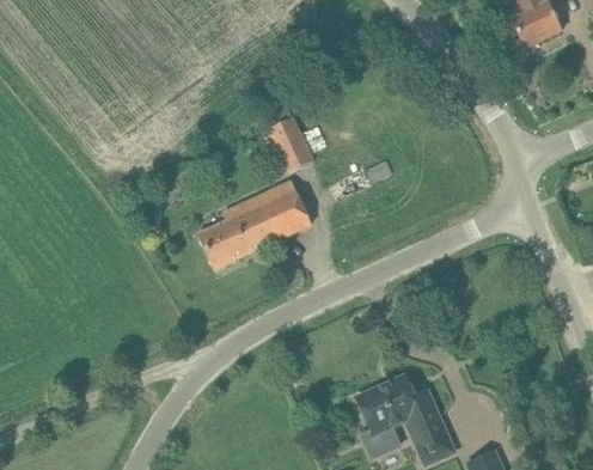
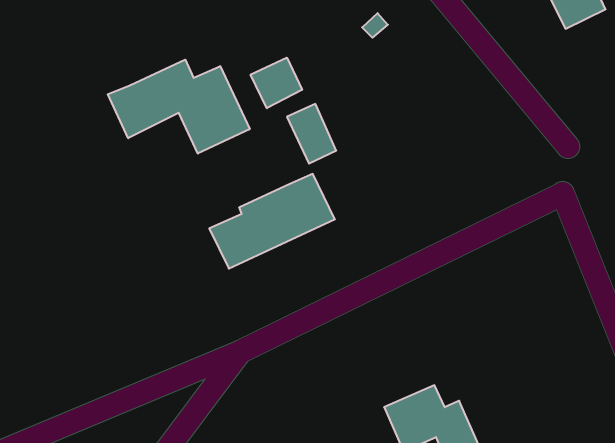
building: none -> [251,58,302,108]
building: none -> [108,60,250,154]

